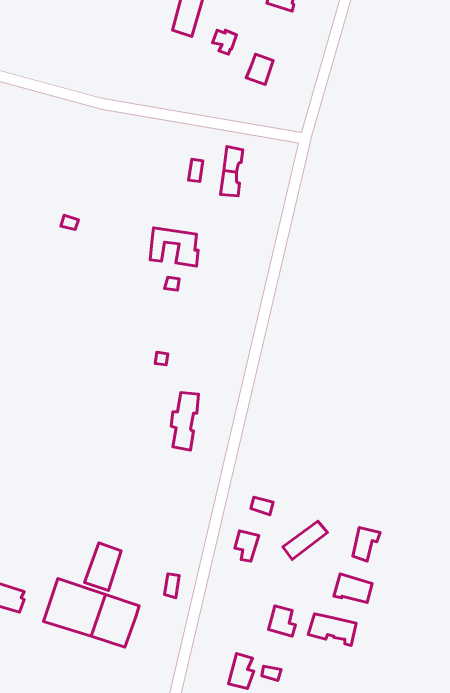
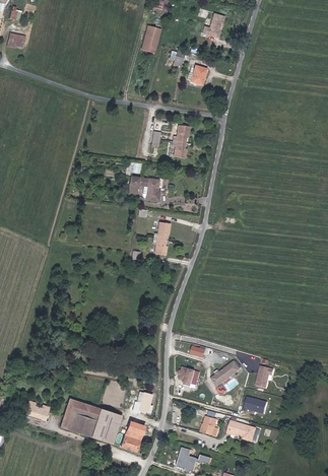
building: [171,393,198,450] -> [152,220,170,257]
building: [85,543,121,591] -> [121,420,144,451]

